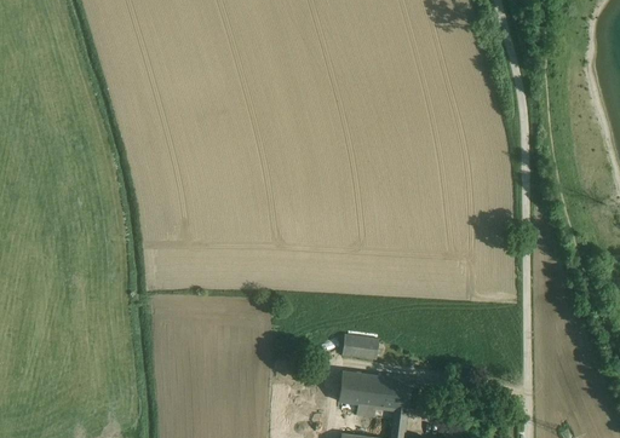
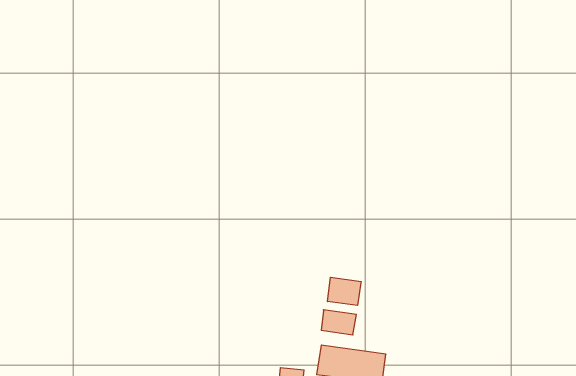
building: none -> [328,277,361,305]

